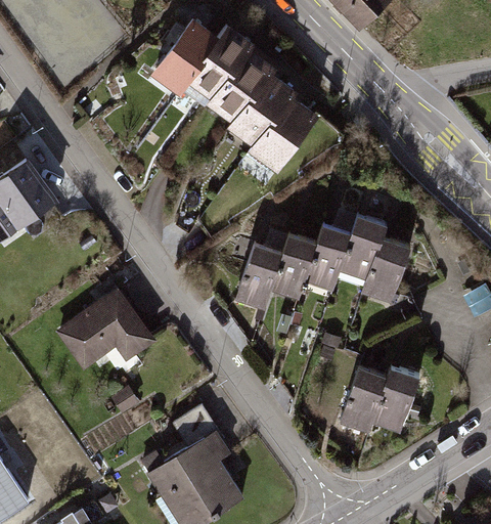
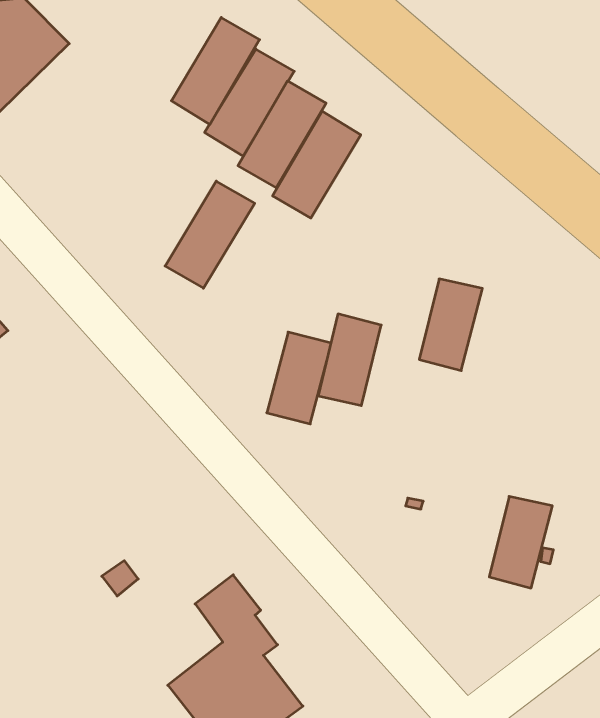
building: [154,19,219,91] -> [165,181,255,288]
building: [304,225,351,290] -> none
building: [364,237,411,301] -> none
building: [57,289,152,366] -> none
building: [341,366,388,431] -> none

